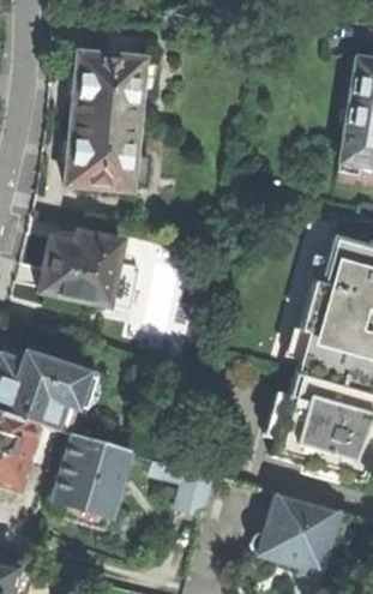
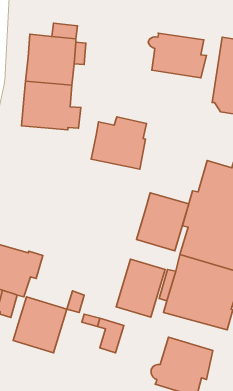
building: none -> [148,33,206,78]
building: [40,230,120,306] -> [91,117,146,169]
building: none -> [136,193,189,251]
building: none -> [116,259,165,317]

